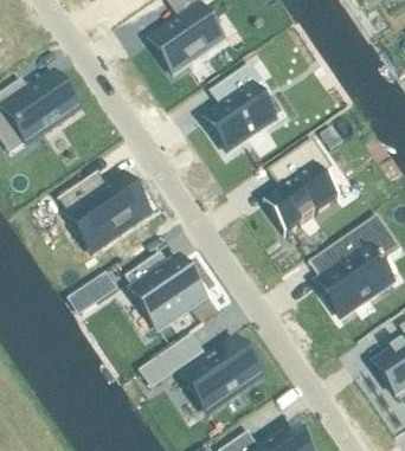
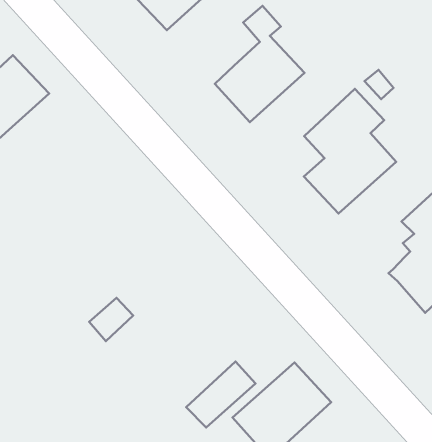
building: [64,179,152,247] -> none
building: [128,255,205,321] -> none

